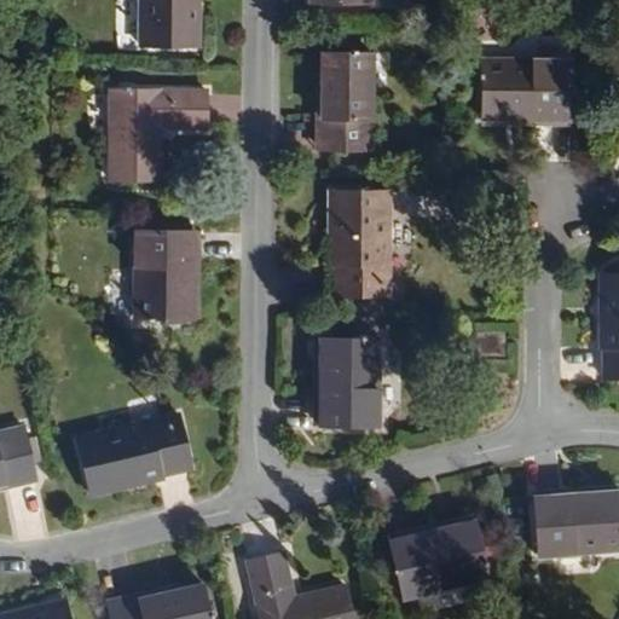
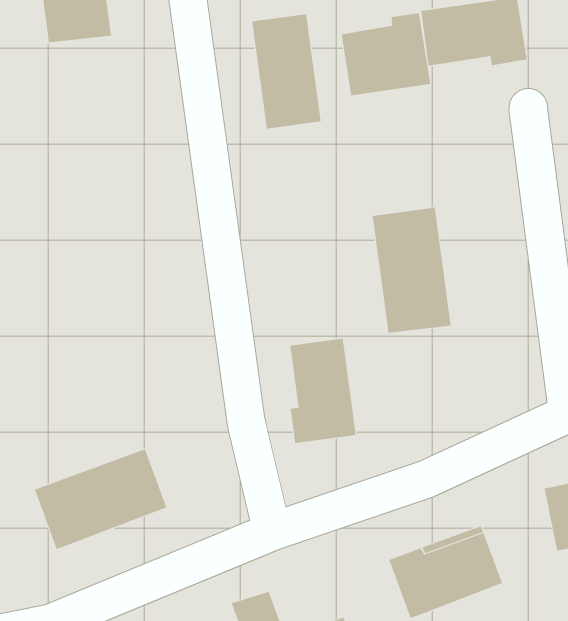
building: none -> [341,12,431,96]
building: [109,89,204,181] -> none
building: [334,191,391,297] -> [372,207,451,333]
building: [138,231,196,320] -> none

